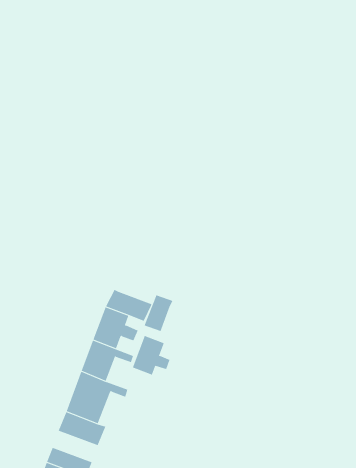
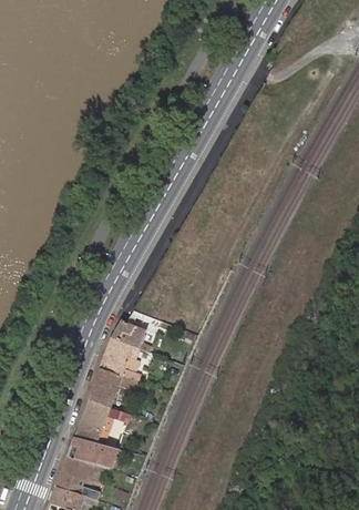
building: [144,294,173,332] -> none
building: [132,335,170,376] -> none
building: none -> [59,456,103,486]

